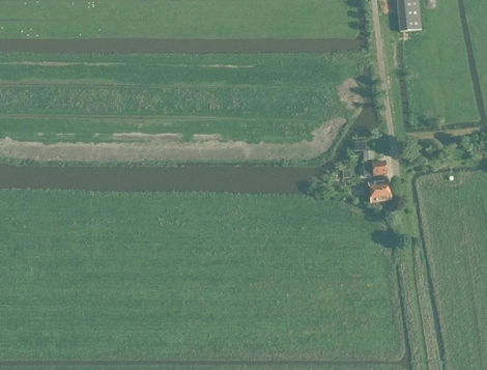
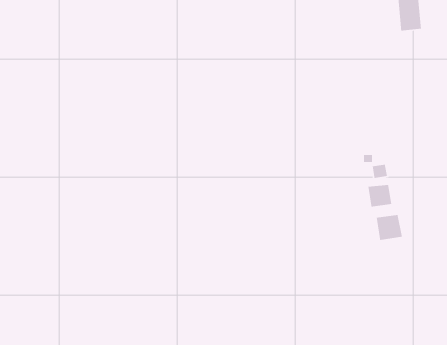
building: none -> [376,214,403,241]

